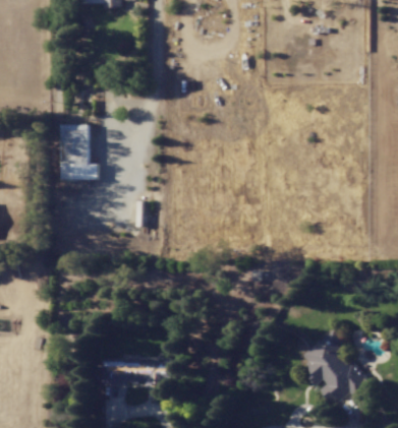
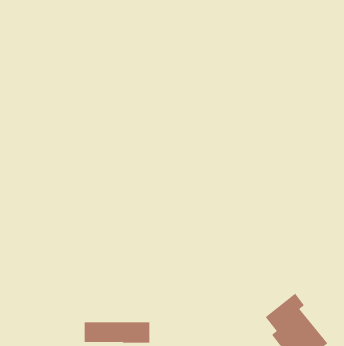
building: [61,128,97,183] -> none

